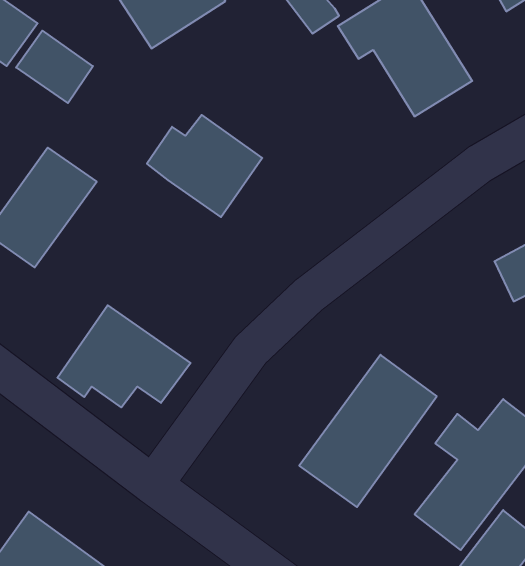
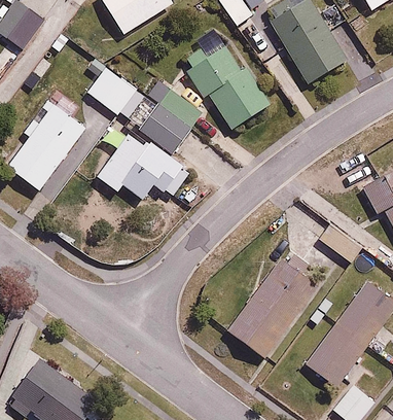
building: [16,31,93,103] -> [84,67,138,117]
building: none -> [186,48,270,127]
building: [57,305,191,407] -> [100,129,192,200]
building: none -> [319,222,365,264]

